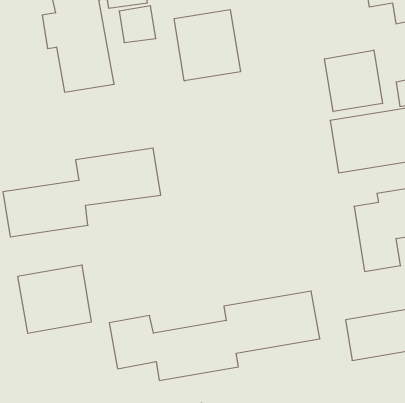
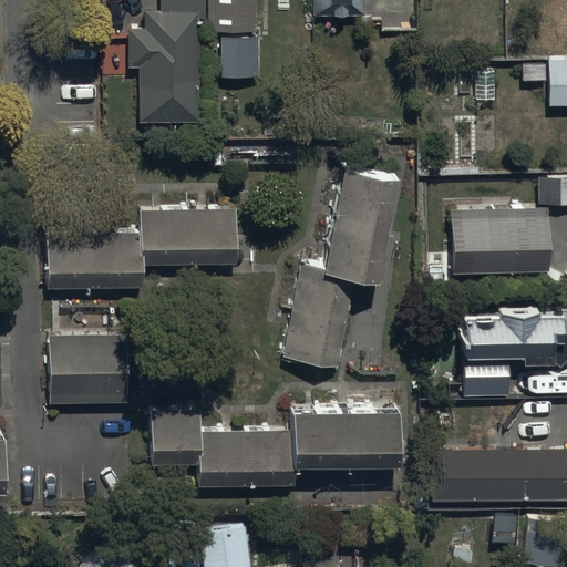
building: [174,10,240,81] -> none
building: [325,50,382,112] -> none
building: none -> [282,162,398,361]

